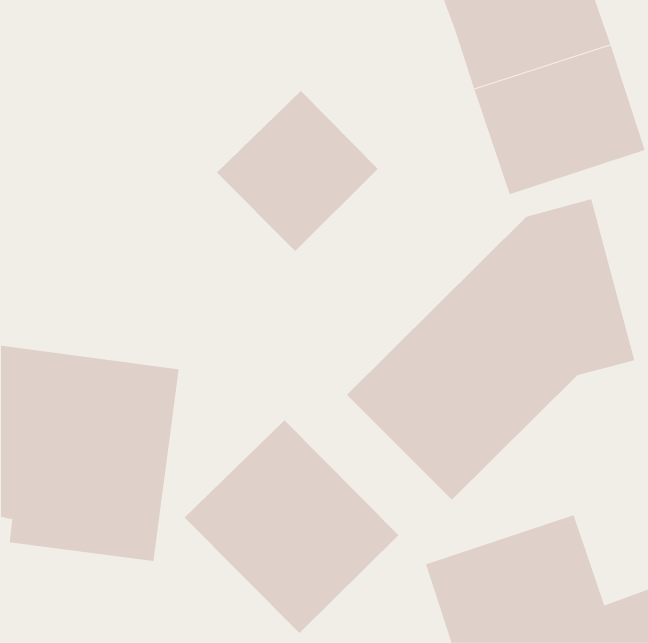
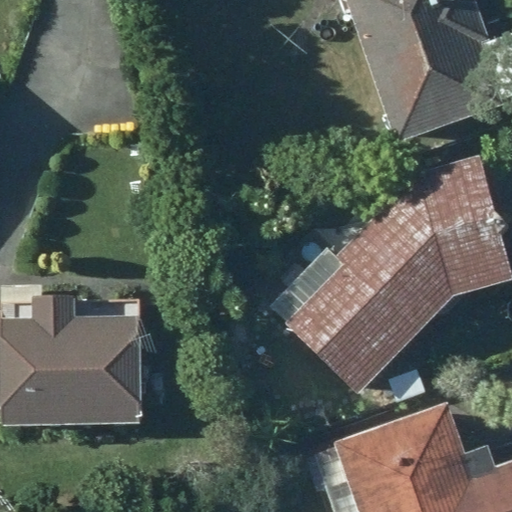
building: [216,90,379,252] -> none
building: [184,419,399,634] -> none

